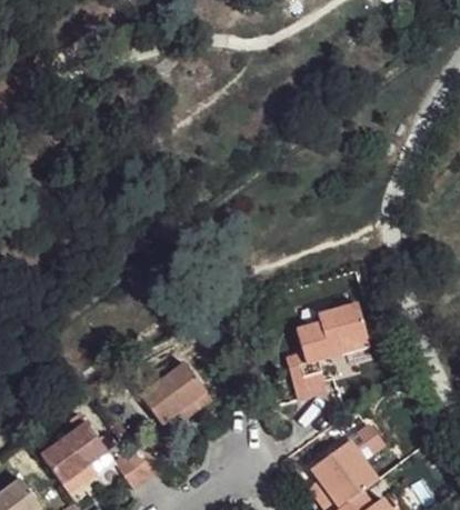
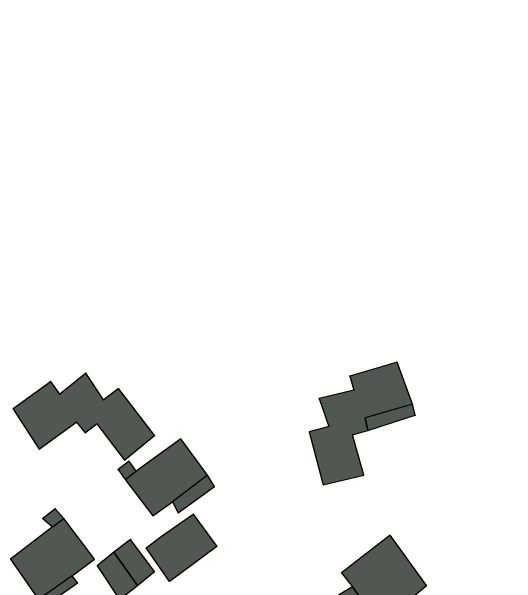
building: none -> [13,373,155,460]
building: none -> [146,514,217,581]

